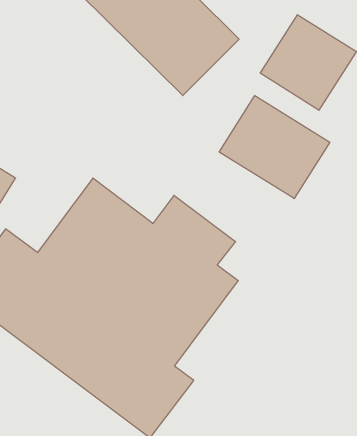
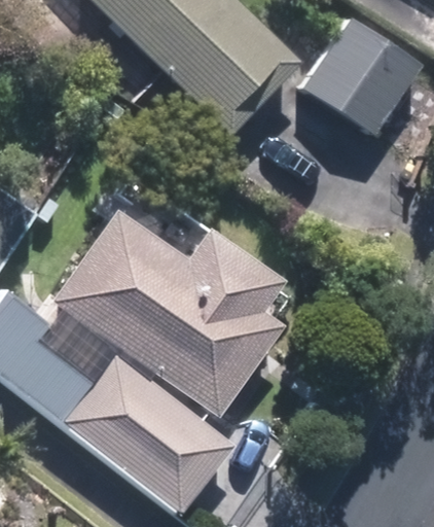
building: [219,96,330,199] -> none

